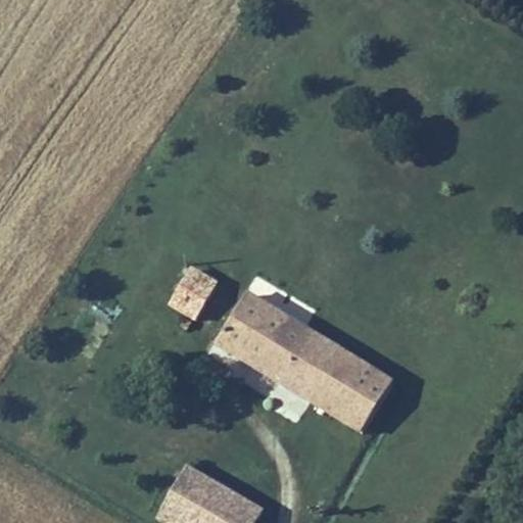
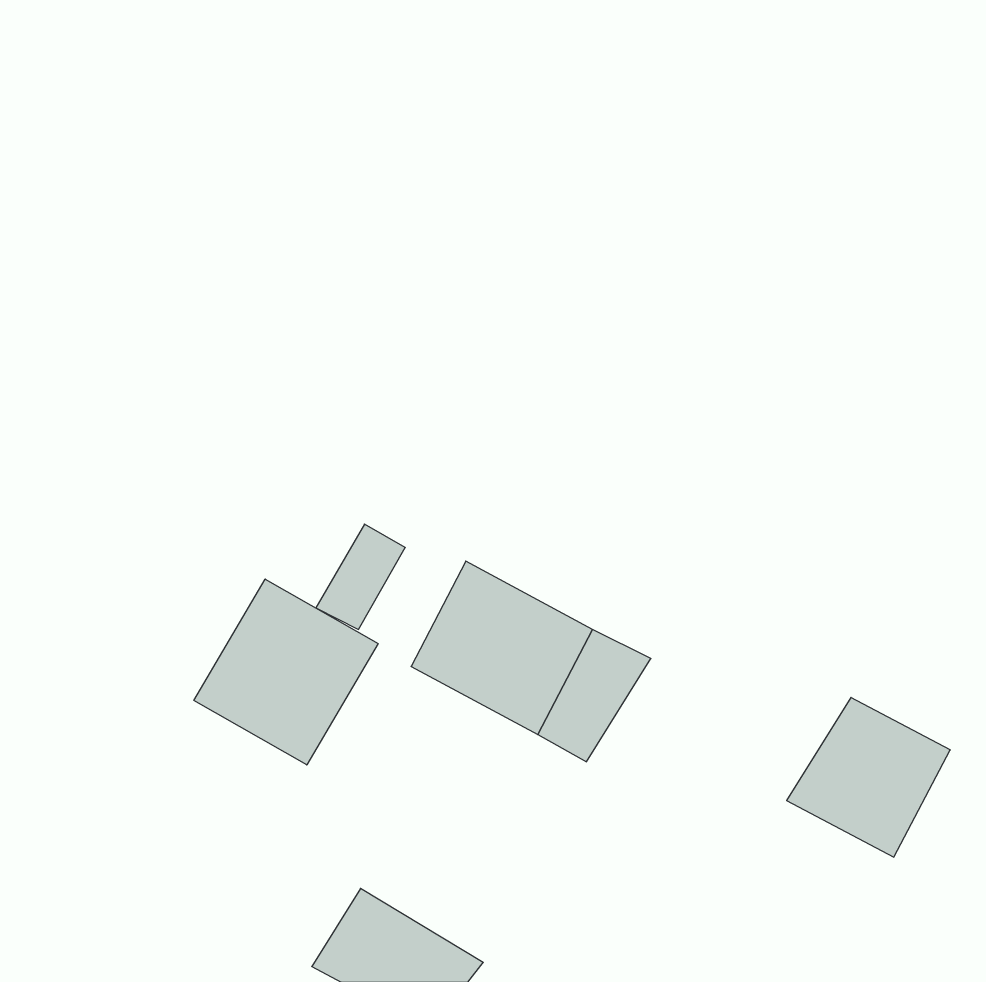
building: none -> [194,579,378,765]
building: [307,345,393,429] -> [787,697,950,857]

